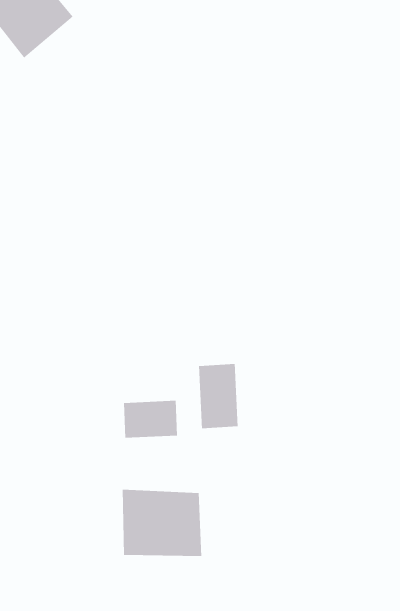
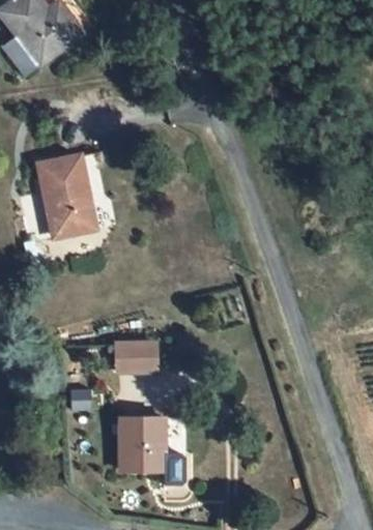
building: none -> [32,151,90,229]
building: [199,363,238,429] -> none

